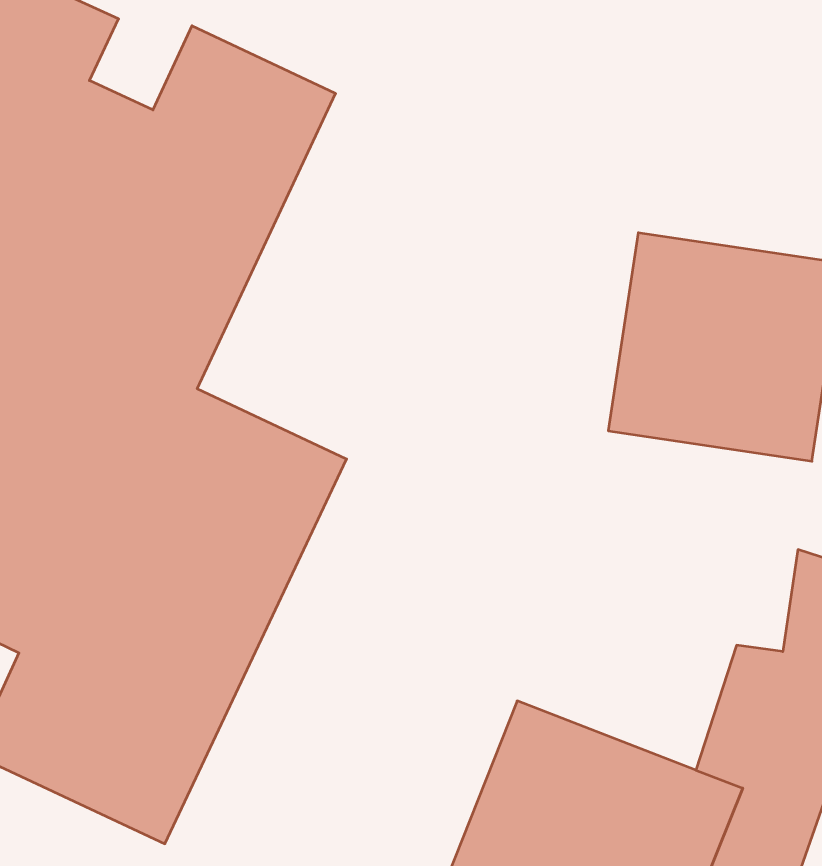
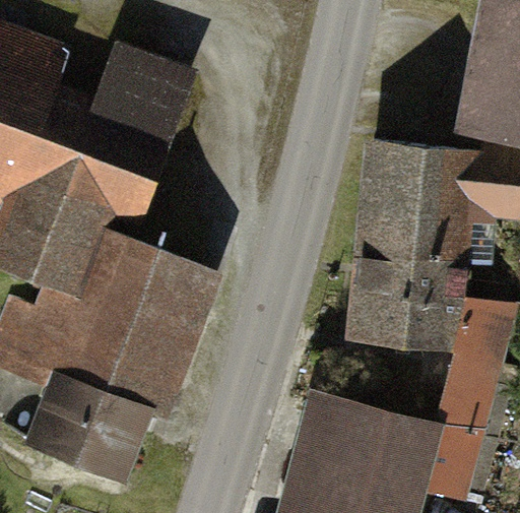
building: none -> [348,246,461,352]

